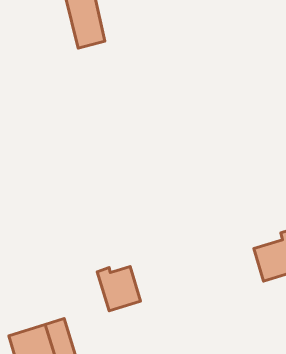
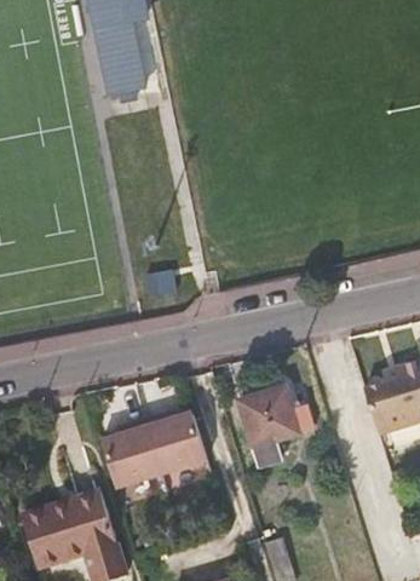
building: none -> [240,389,306,478]
building: none -> [100,421,162,490]

